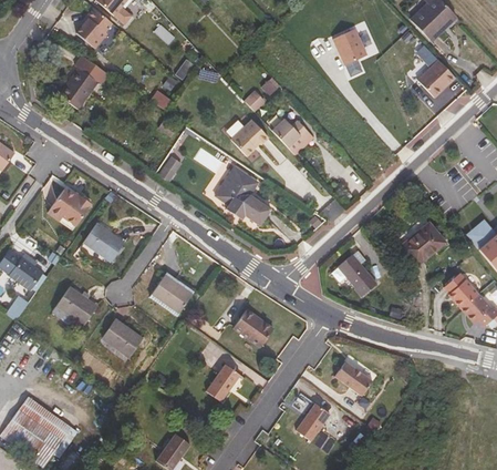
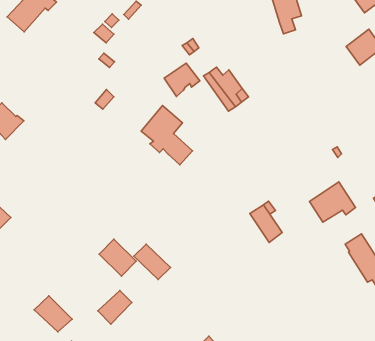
building: [84,215,126,254] -> none
building: [155,268,195,306] -> [99,239,136,276]
building: [99,320,139,357] -> [34,296,72,332]
building: [334,361,371,396] -> none

